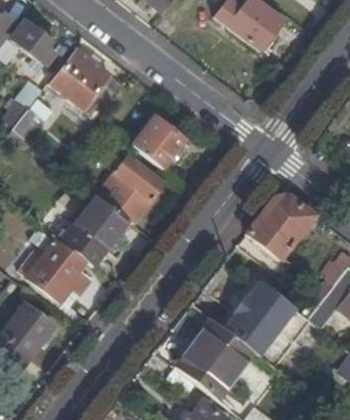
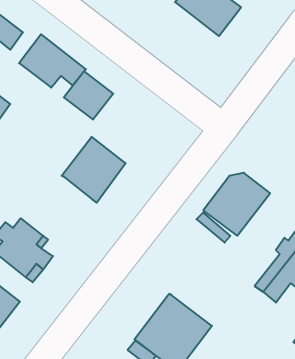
building: [136,118,187,168] -> [64,71,113,120]
building: [63,196,131,266] -> none
building: [221,277,297,356] -> none

